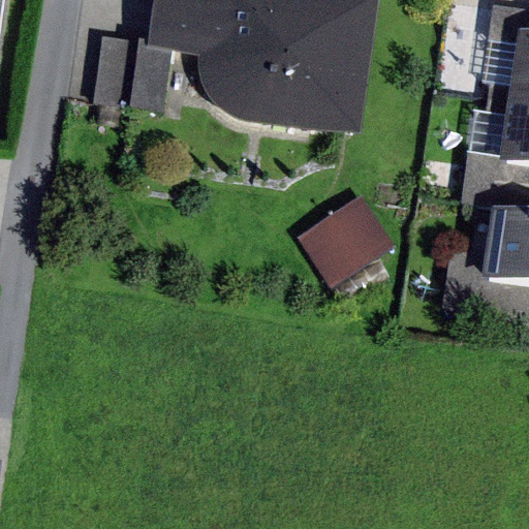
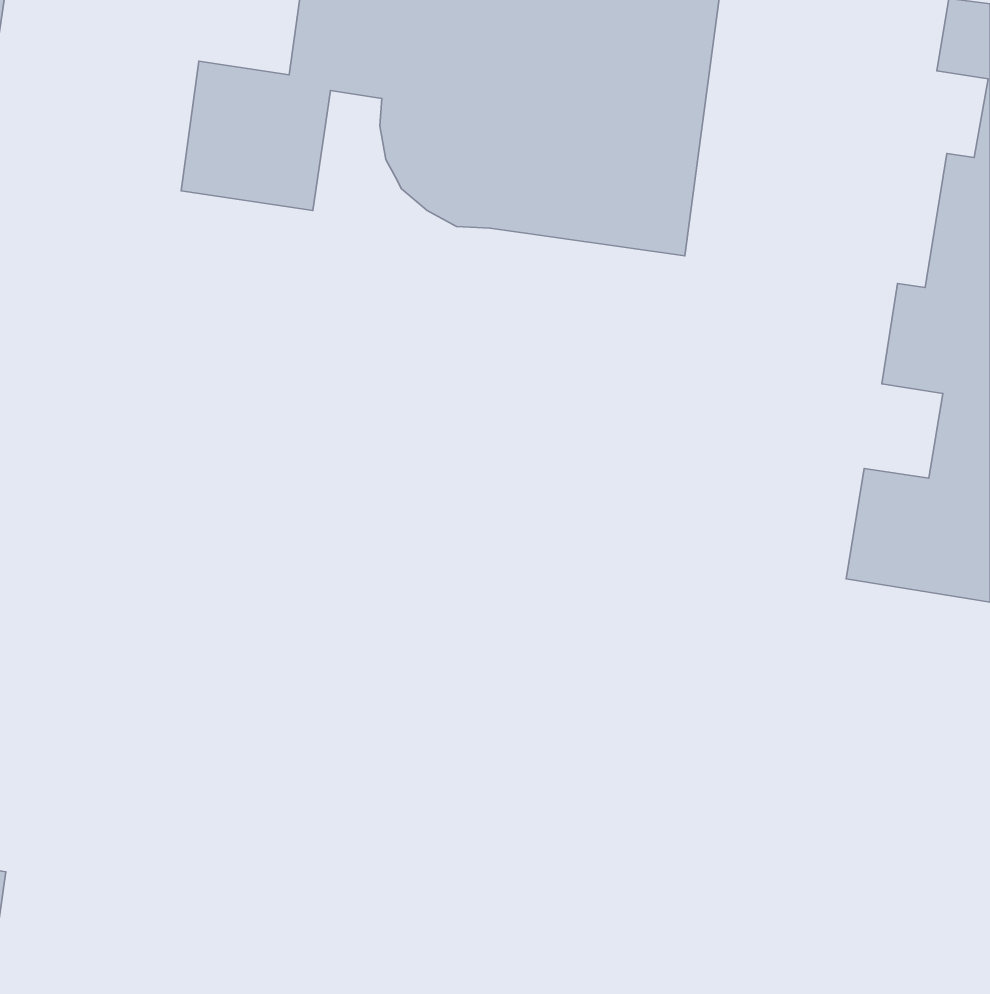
building: [299,193,397,285] -> none

